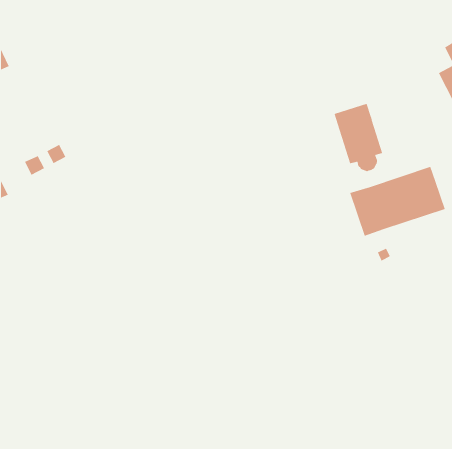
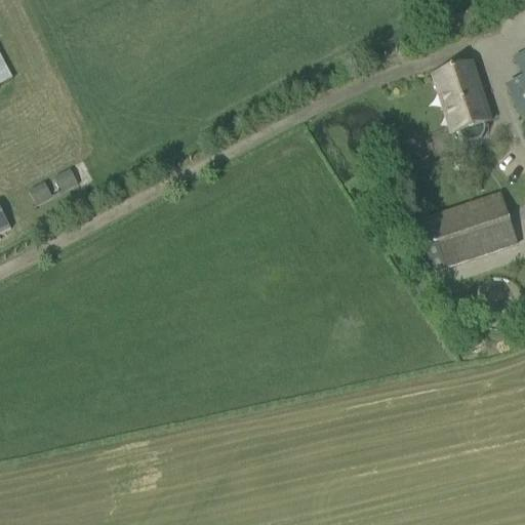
building: [334,103,383,172] -> [434,60,491,140]

